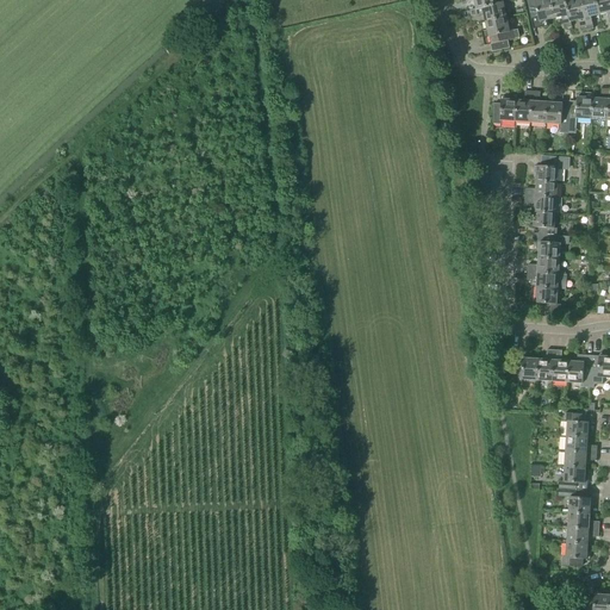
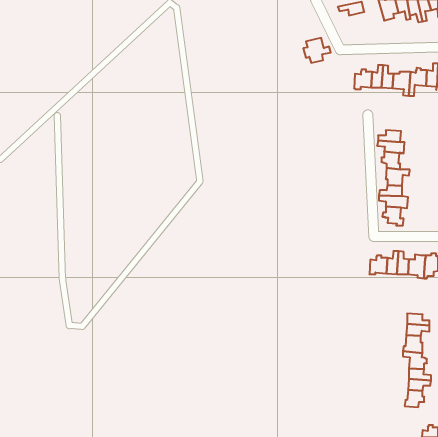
building: [481,17,519,51] -> [303,38,331,63]
building: [534,156,568,182] -> none
building: [565,409,592,437] -> none

